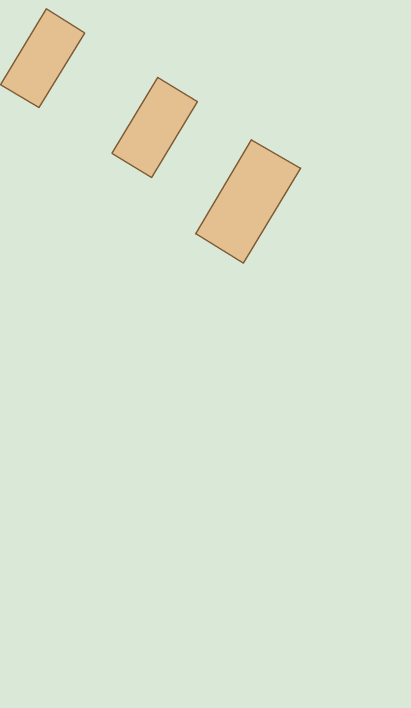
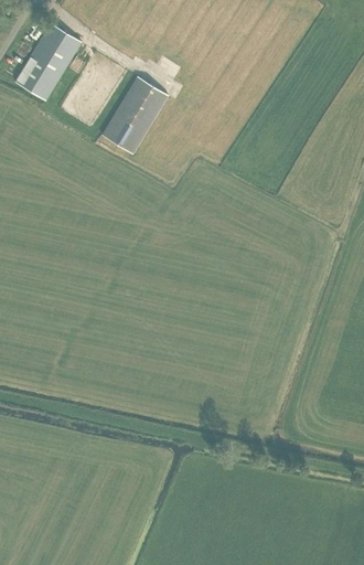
building: [196,140,301,263] -> none

